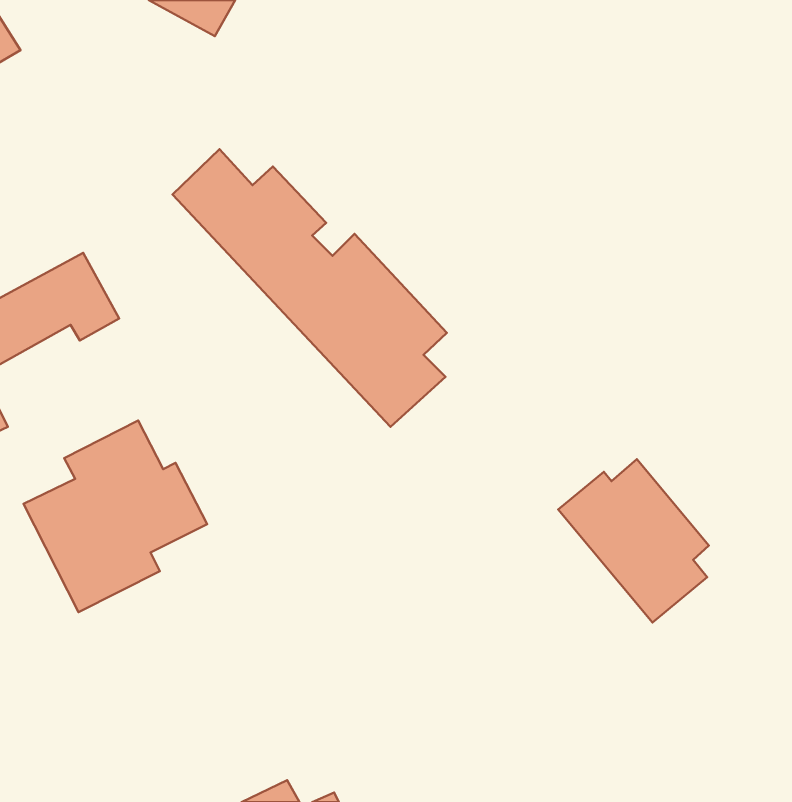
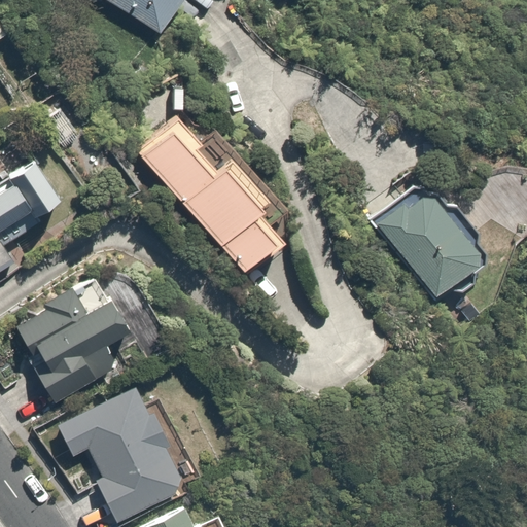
building: [558,459,709,623] -> [356,185,455,292]
building: none -> [57,385,189,519]

